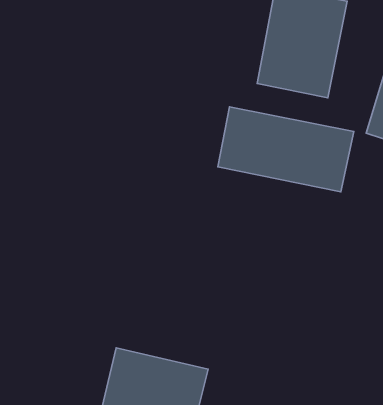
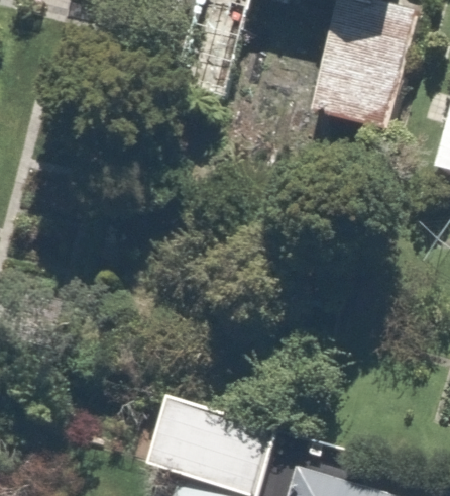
building: [218,107,354,192] -> none

